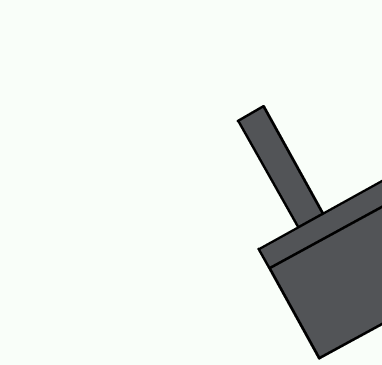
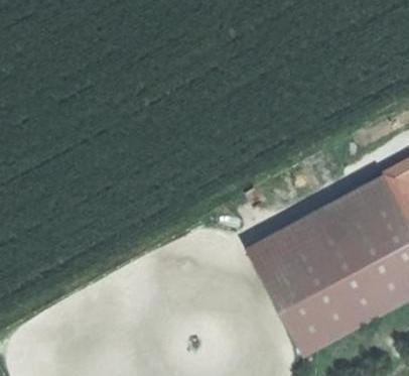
building: [238,106,323,227] -> none

